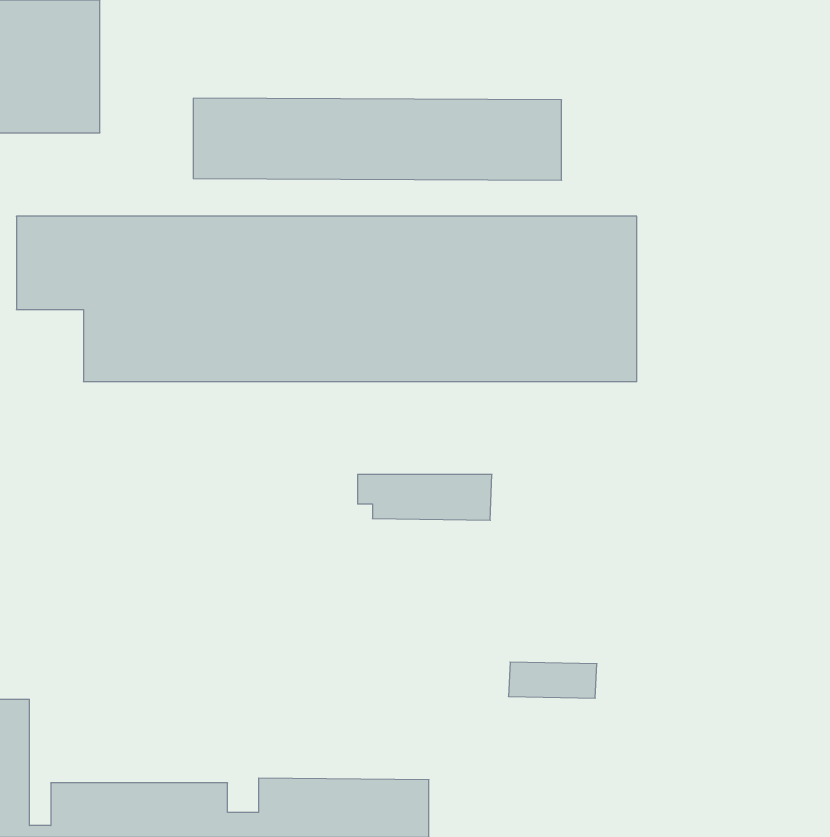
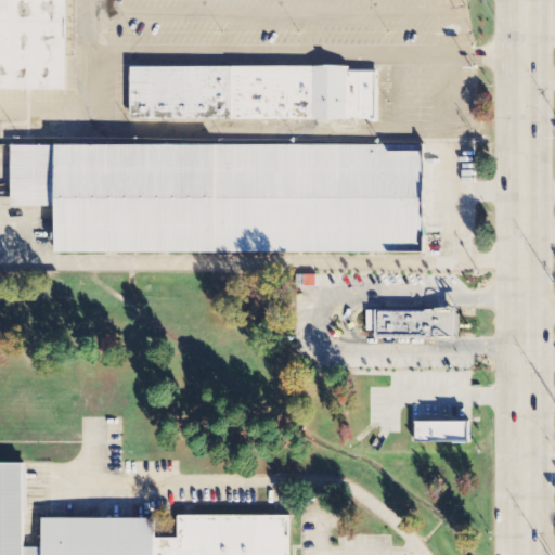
building: [358,474,492,520] -> [362,309,451,339]
building: [508,662,597,698] -> [411,420,469,443]

